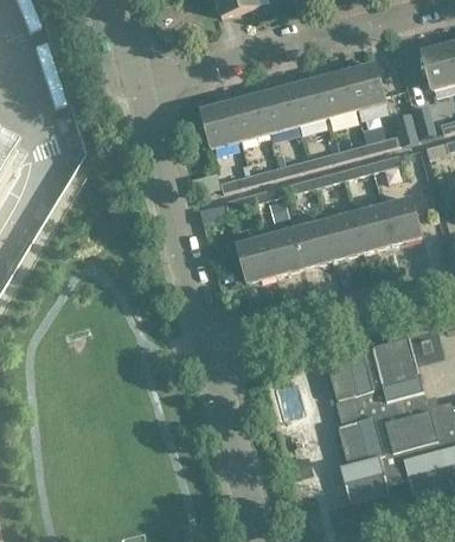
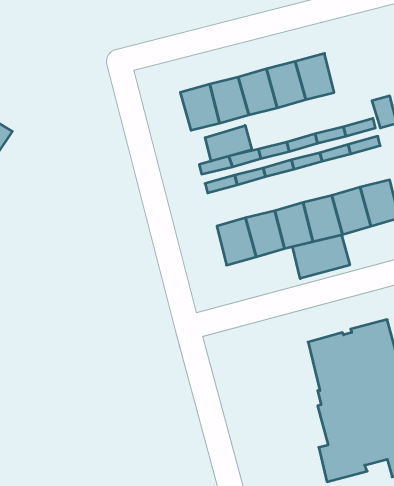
building: [345,63,384,109] -> none
building: none -> [205,125,252,161]
building: none -> [292,235,350,279]

